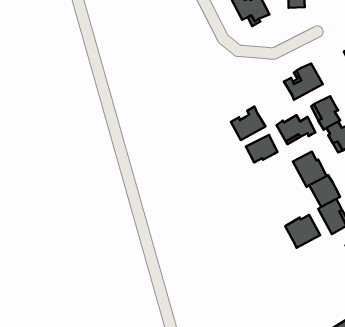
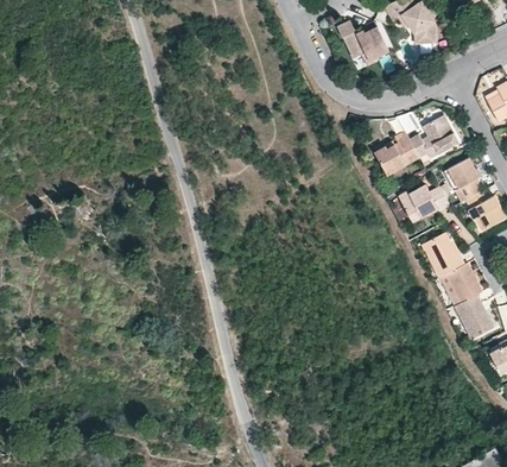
building: [231,106,265,140] -> [374,131,419,175]
building: [246,135,277,163] -> none
building: [285,215,320,248] -> none

